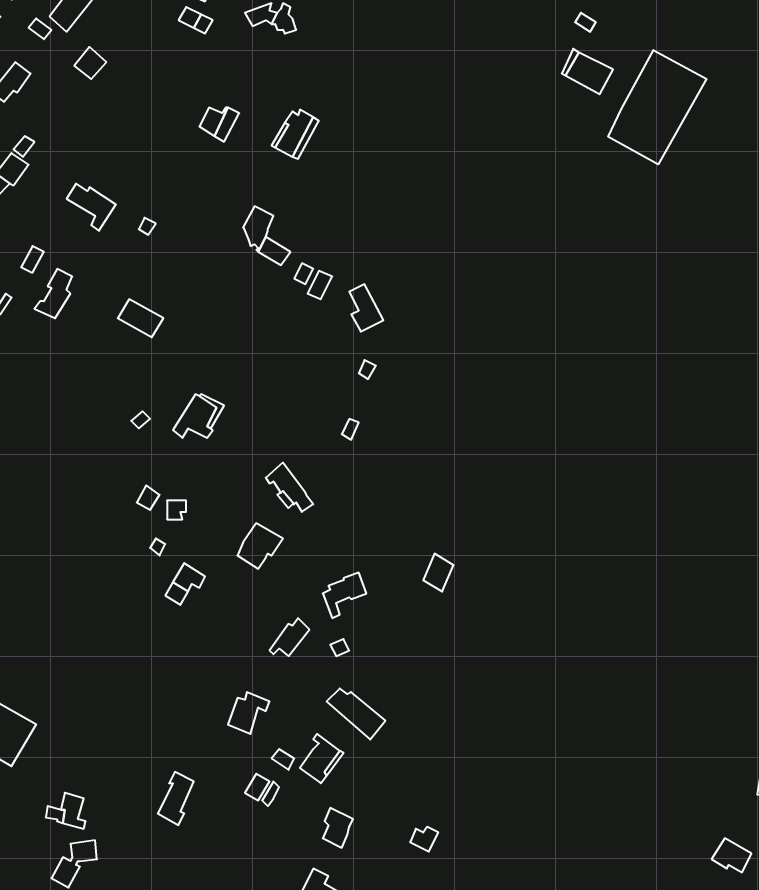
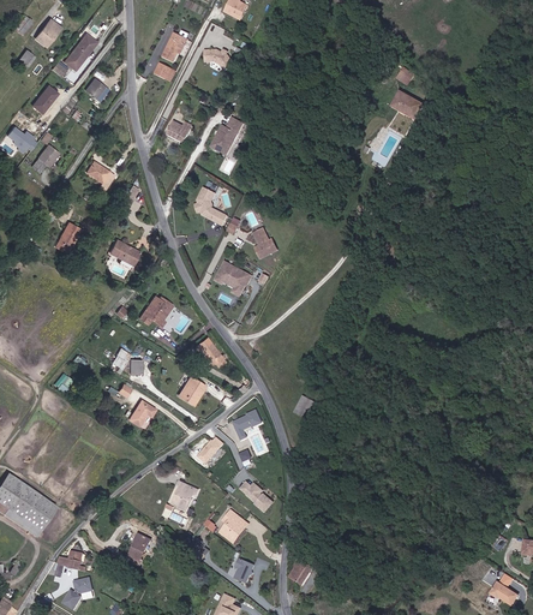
building: [608,50,706,164] -> none
building: none -> [216,261,253,289]

